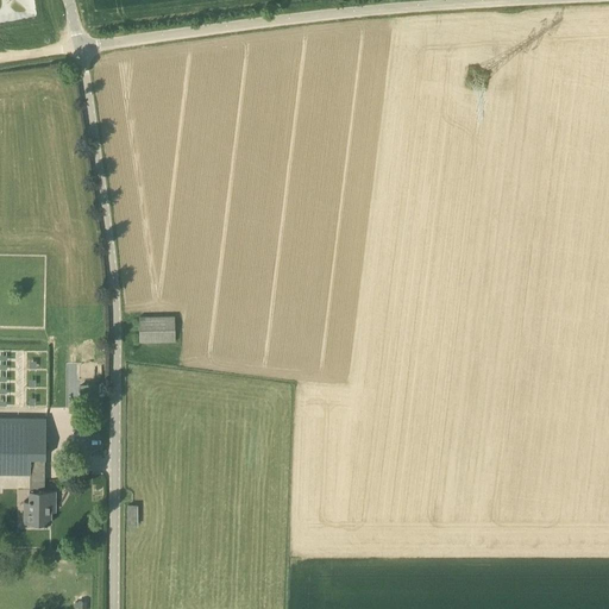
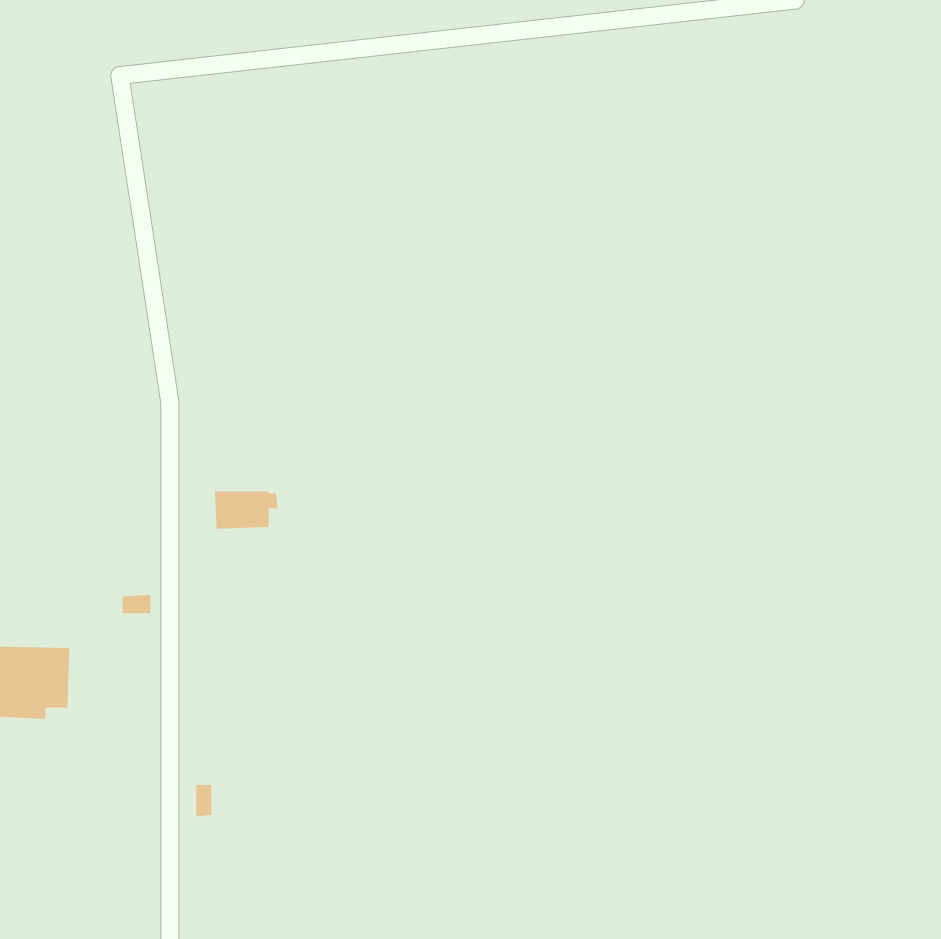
building: [23,472,55,526] -> none

